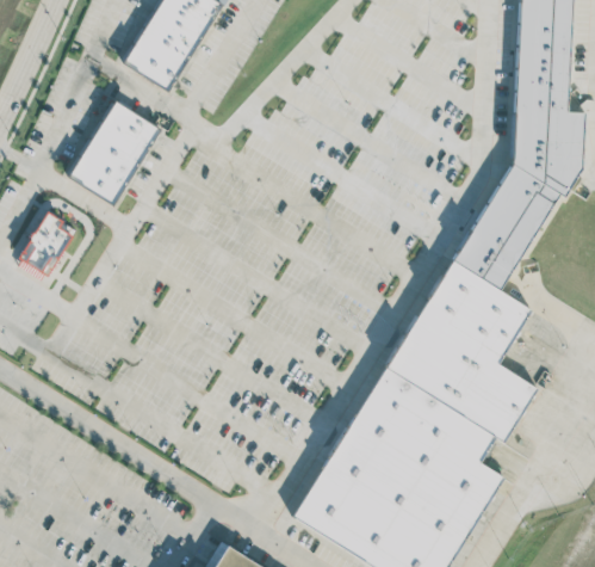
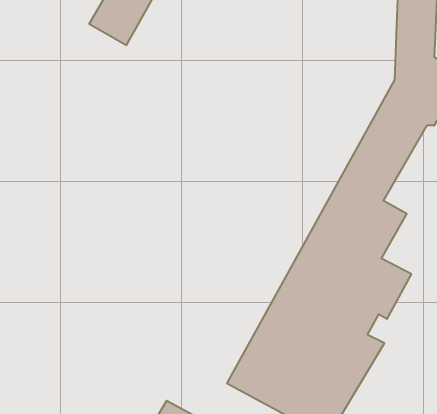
building: [69,100,160,205] -> none
building: [18,211,76,276] -> none

